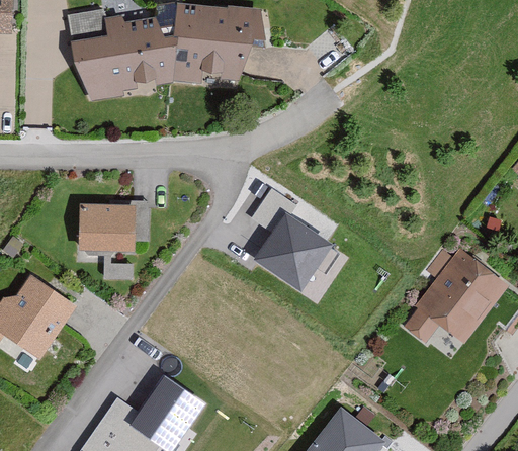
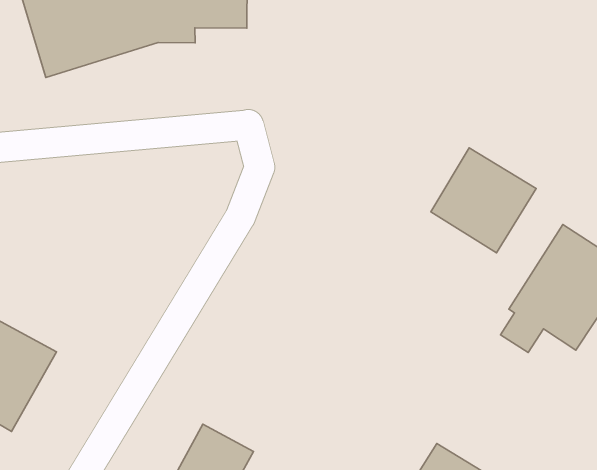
building: [258,200,338,280] -> [431,148,536,253]
building: [73,201,147,251] -> none

